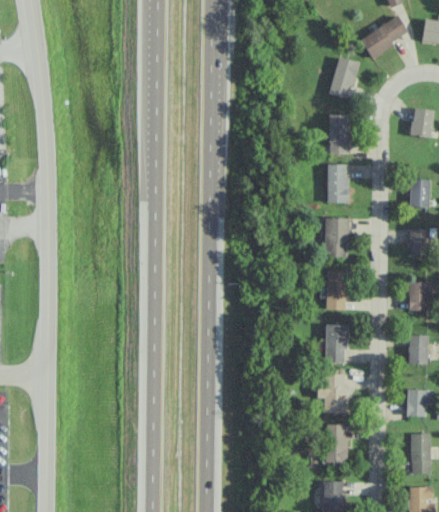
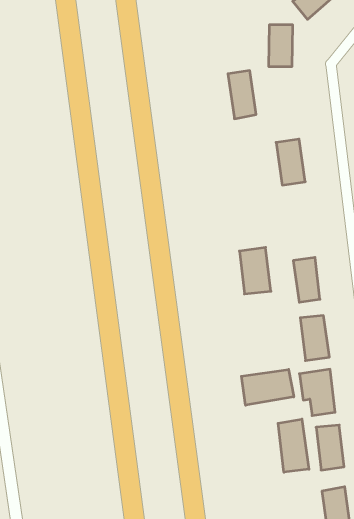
building: [329,114,349,155] -> [228,71,256,119]
building: [324,218,349,258] -> [239,247,271,294]
building: none -> [241,369,294,405]
building: none -> [278,419,309,472]

